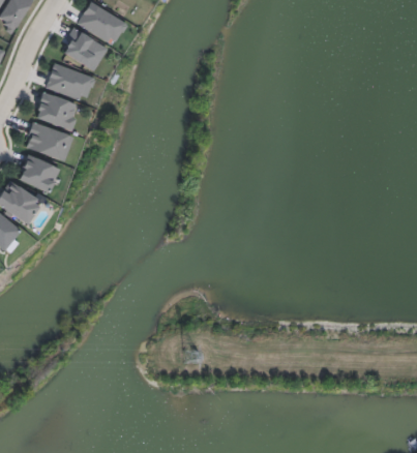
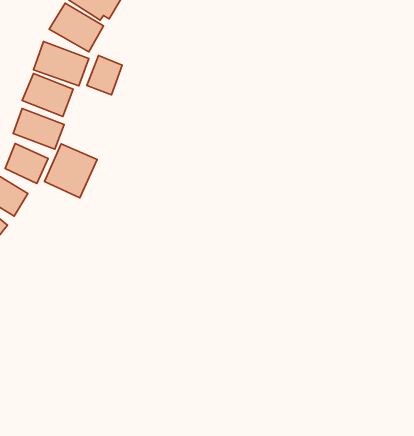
building: none -> [87,55,122,95]
building: none -> [45,144,97,198]

